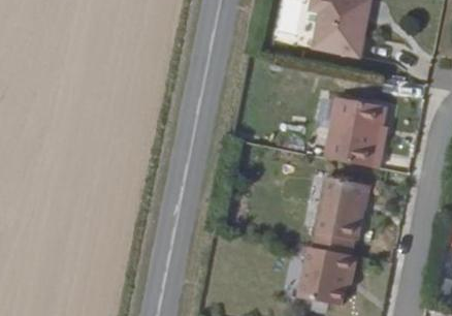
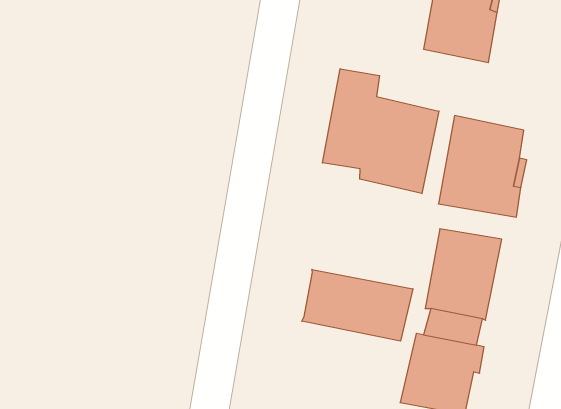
building: none -> [322,69,439,194]
building: none -> [302,269,413,341]

